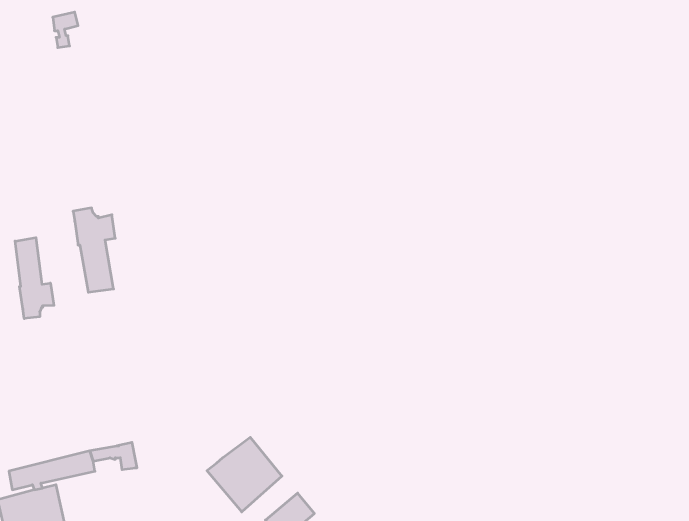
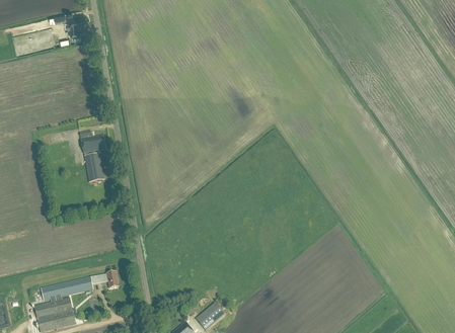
building: [15,238,54,319] -> none
building: [207,437,282,512] -> none

